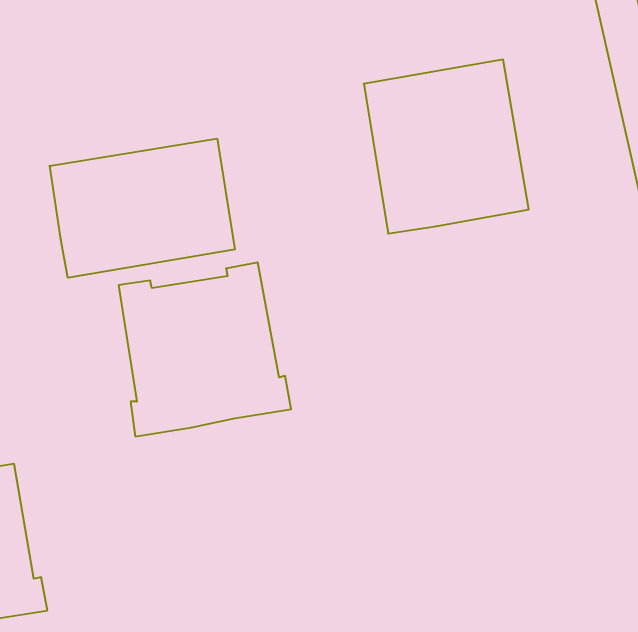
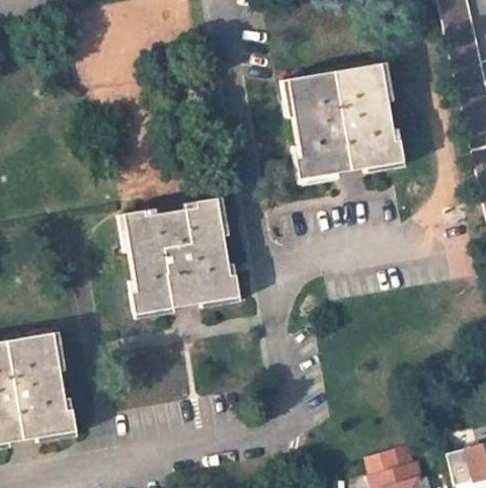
building: [50,139,235,278] -> none

